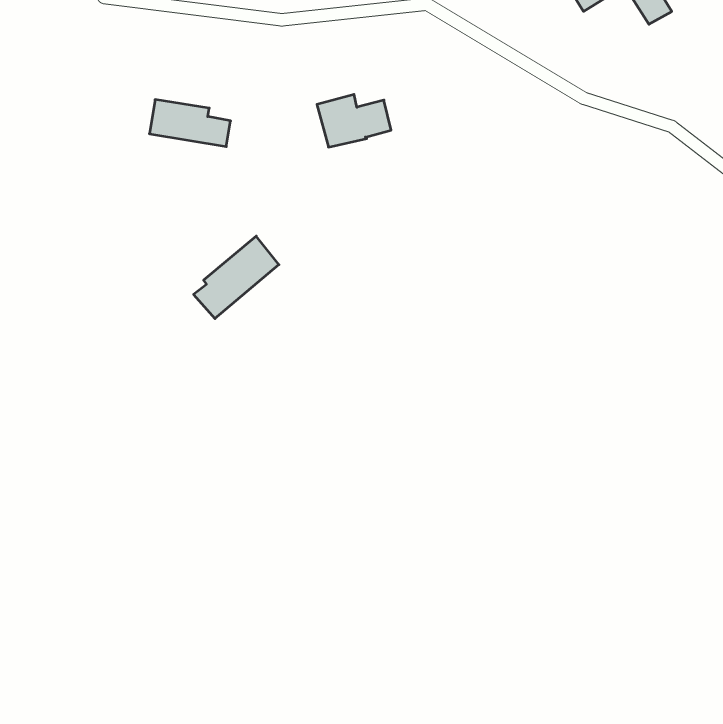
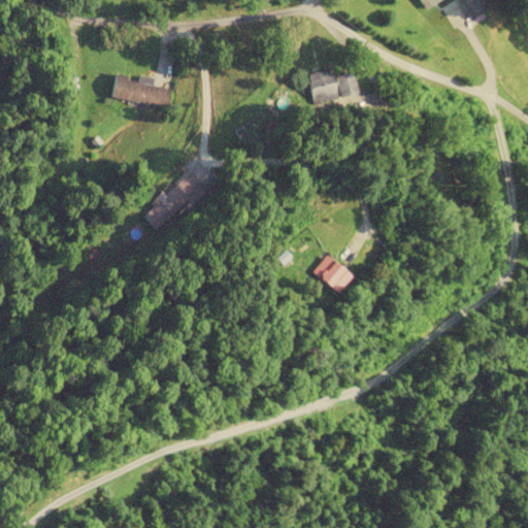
building: [317,94,391,147] -> [305,67,359,105]
building: none -> [314,253,354,291]

